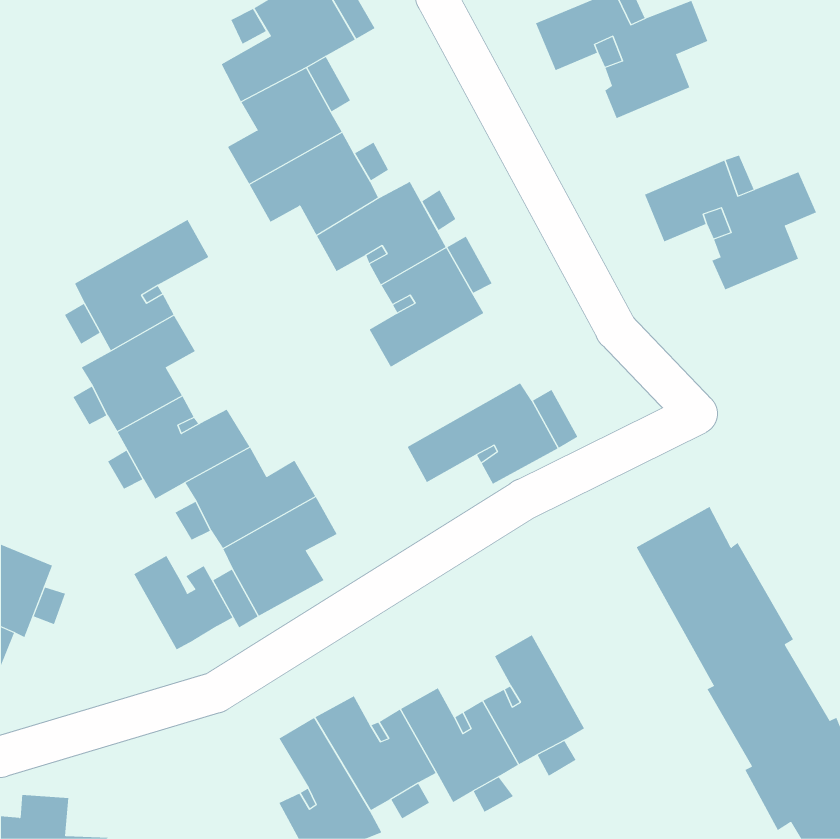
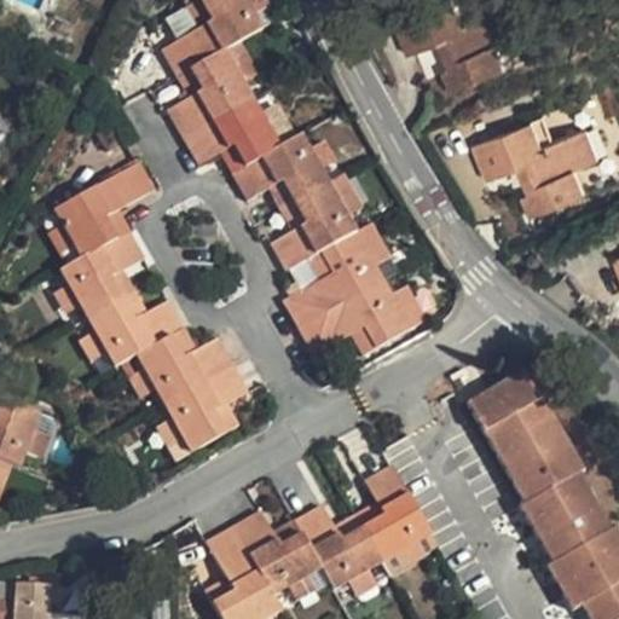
building: none -> [284,222,391,328]
building: [134,555,233,650] -> none

